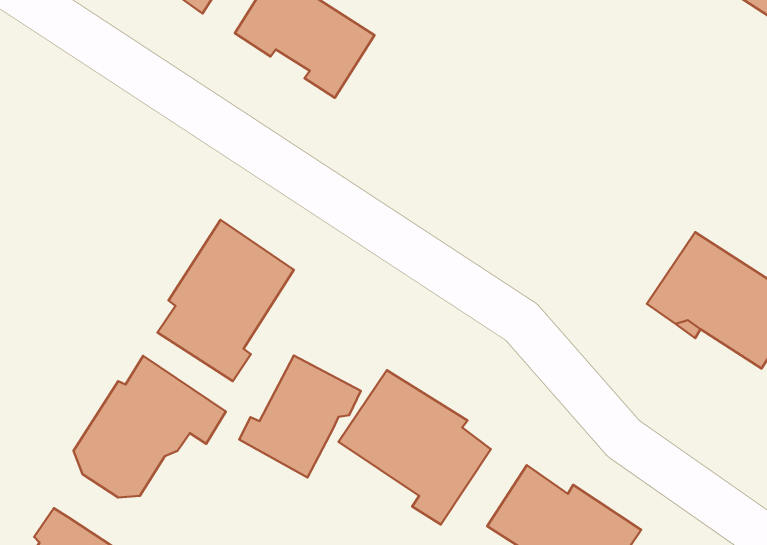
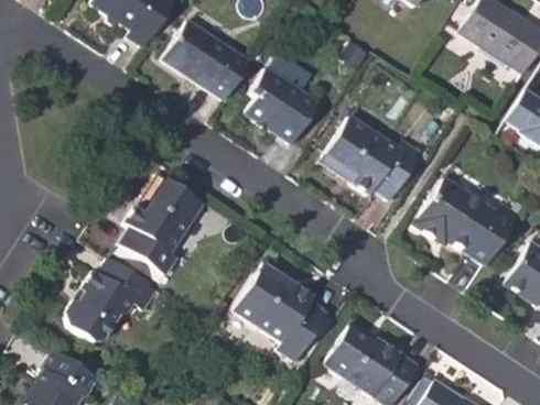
building: none -> [249,65,322,141]
building: none -> [322,117,423,201]
building: [239,356,361,478] -> none

